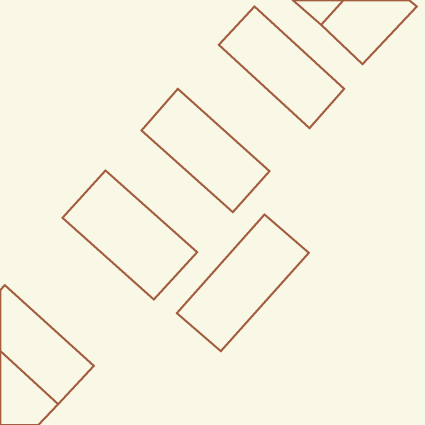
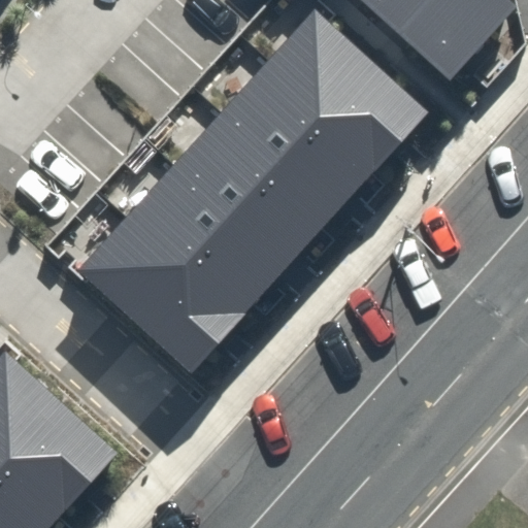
building: none -> [221,56,384,212]
building: none -> [131,162,289,312]
building: [177,214,309,351] -> none

